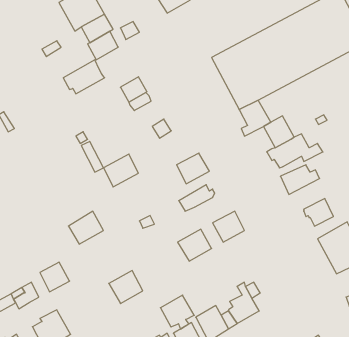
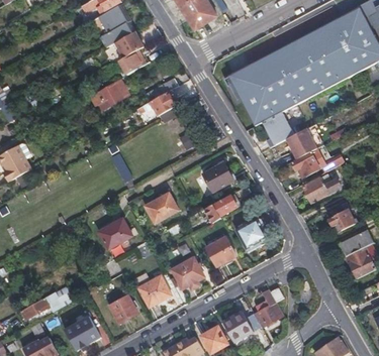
building: [103,154,138,187] -> [146,194,179,225]
building: [40,262,70,292] -> [110,294,138,323]
building: [160,295,194,329] -> [173,257,205,289]

